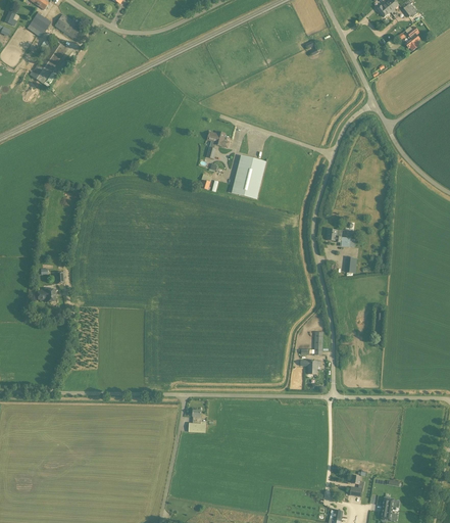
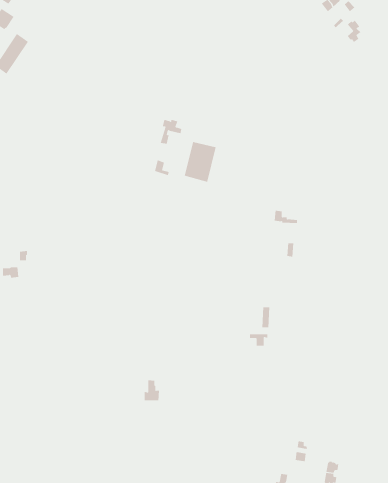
building: [53,13,86,42] -> none

